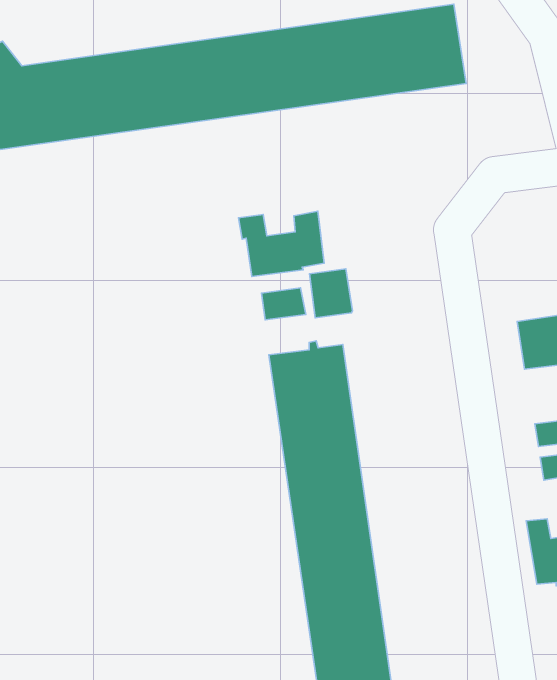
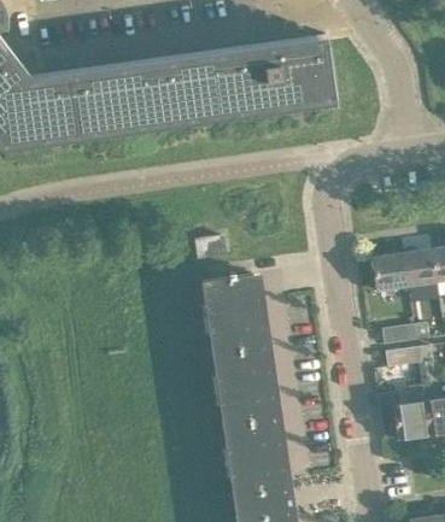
building: [239,211,324,277] -> none
building: [310,269,353,318] -> none

